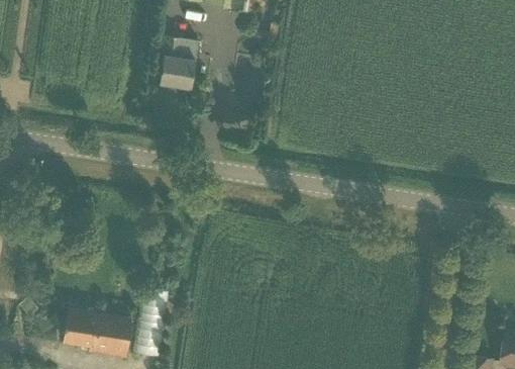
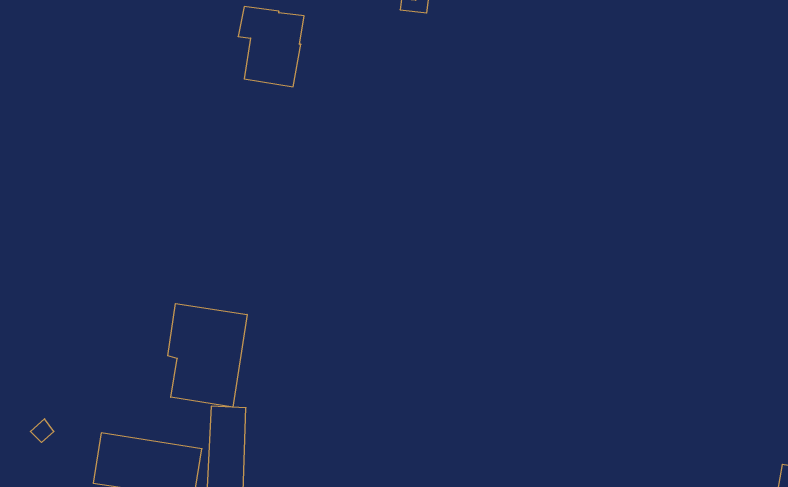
building: none -> [168,304,247,407]

